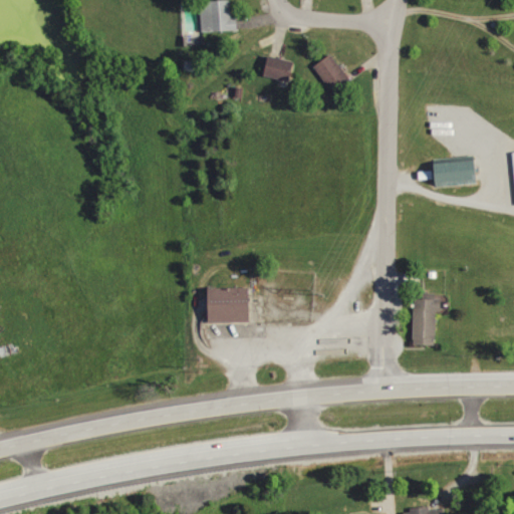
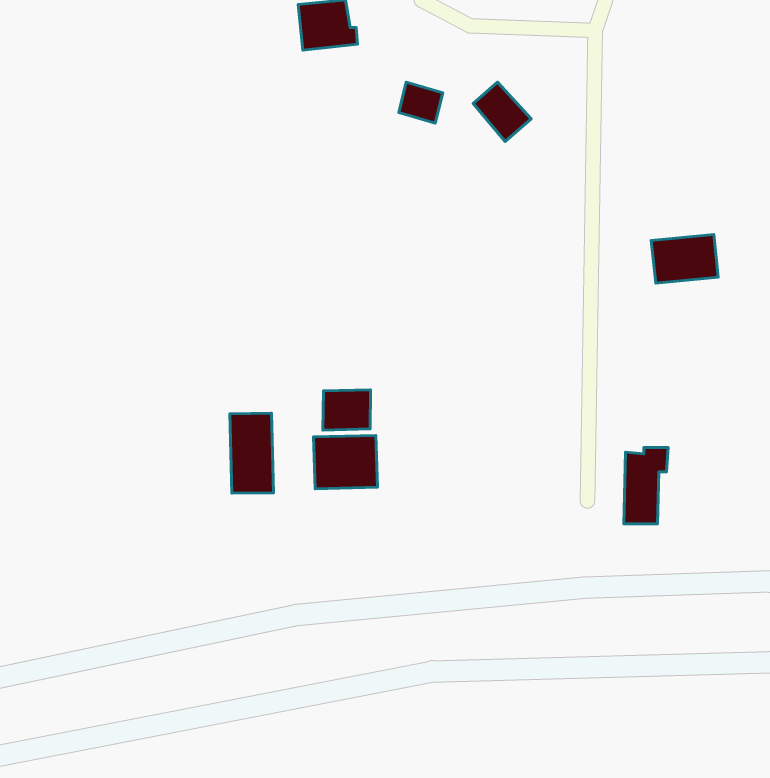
building: none -> [323,390,371,430]
building: none -> [230,413,273,493]

